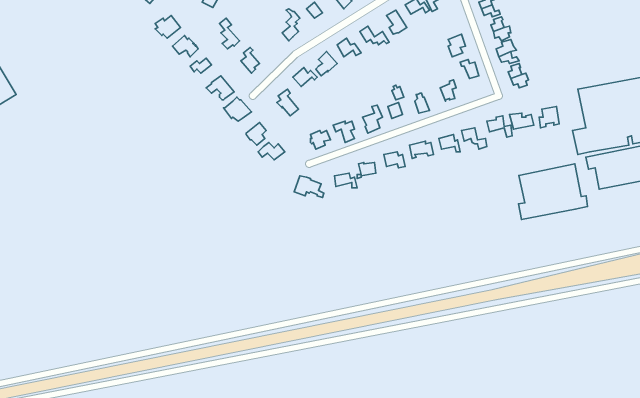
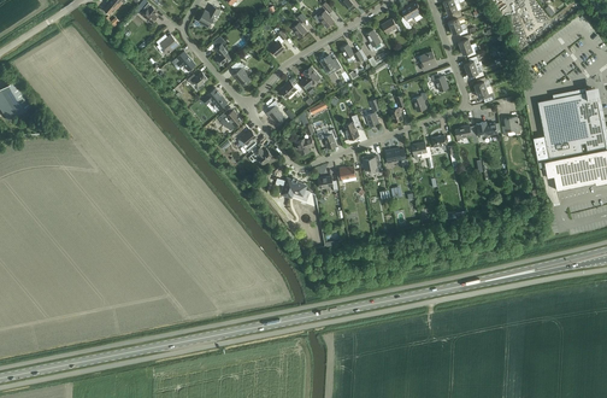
building: [519,164,587,219] -> none

